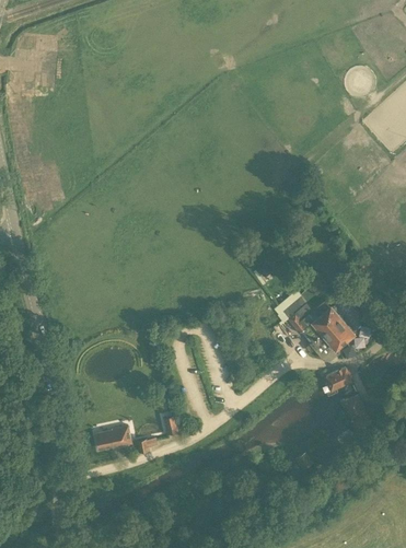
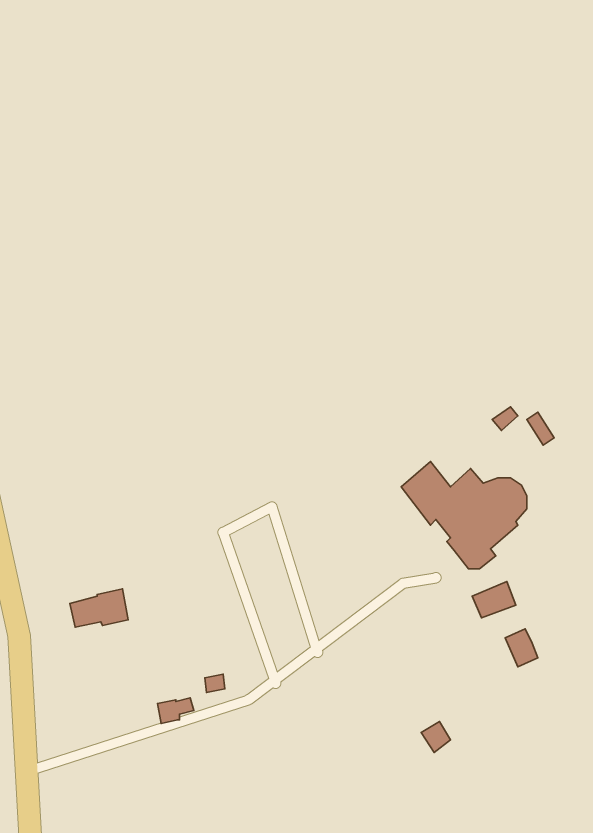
building: [95,425,130,448] -> [70,589,128,627]

